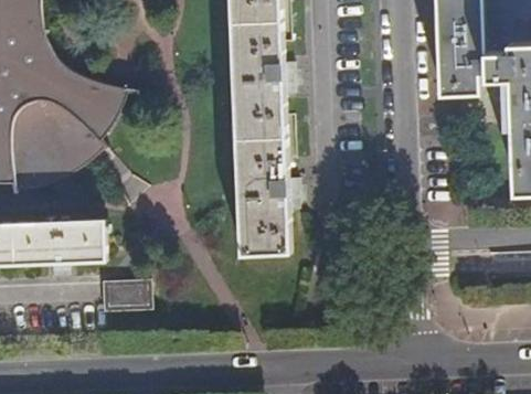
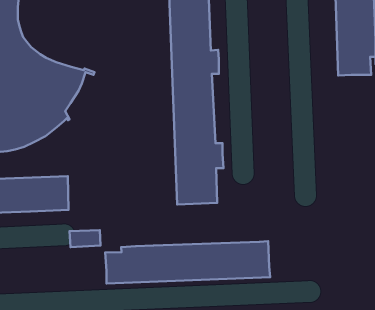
building: none -> [105,241,270,283]

